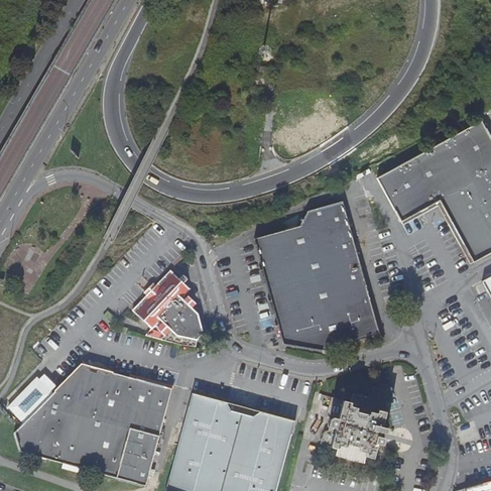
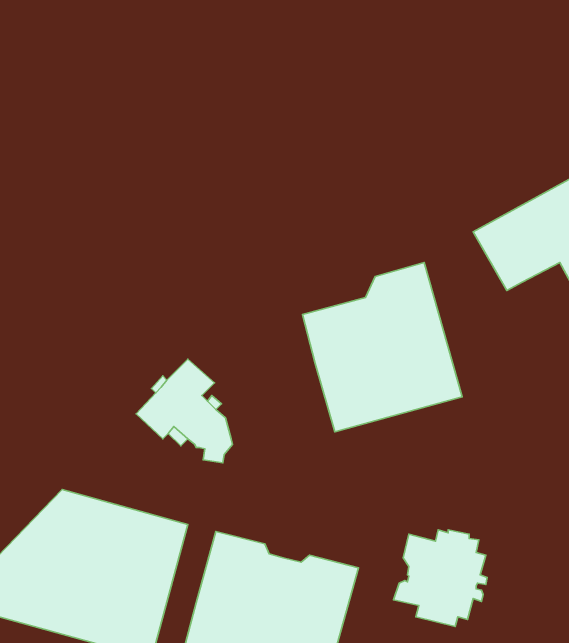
building: [278,296,380,349] -> none

